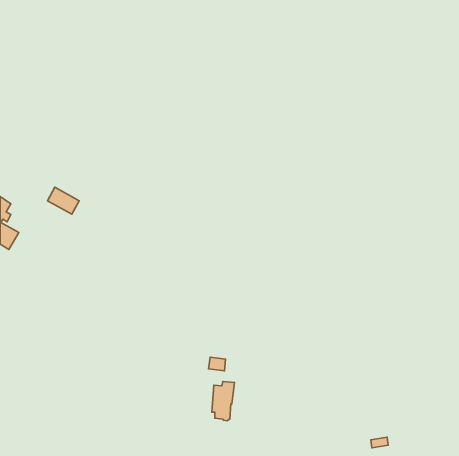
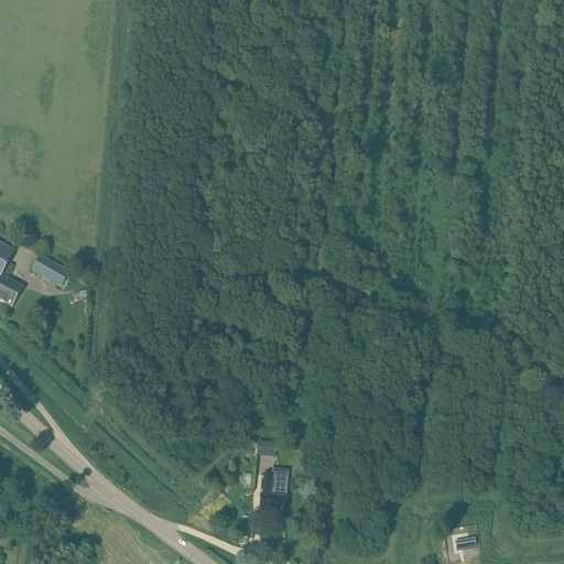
building: [48,187,79,214] -> [31,253,69,286]

